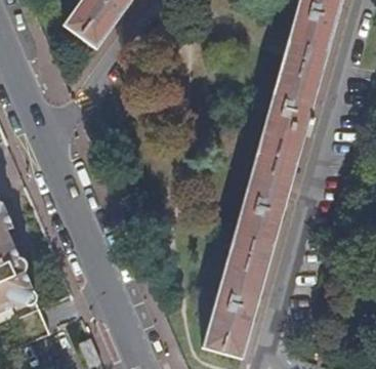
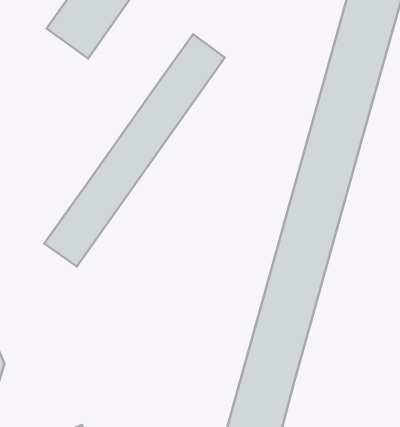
building: none -> [44,34,225,266]

